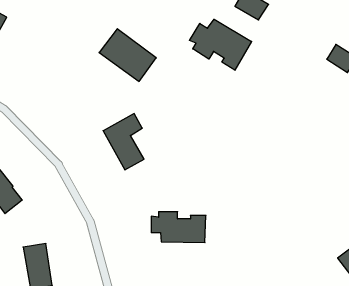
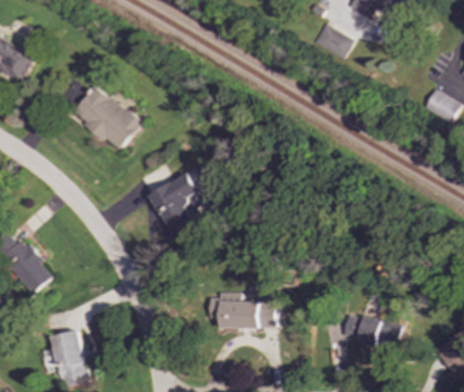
building: [189,19,252,70] -> none
building: [99,29,156,81] -> [68,85,138,149]
building: none -> [341,315,402,349]

